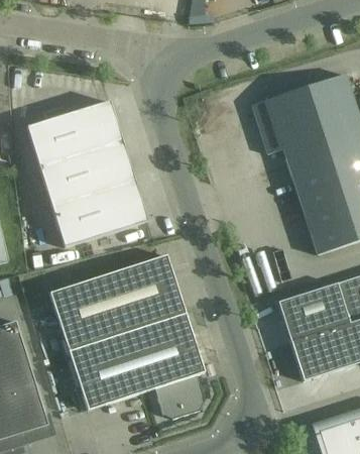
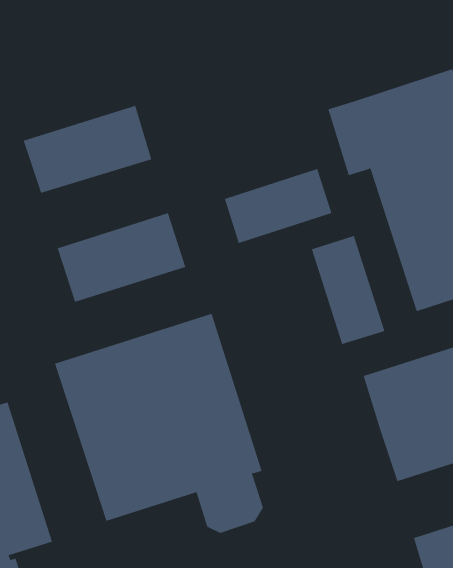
building: [39,140,134,206] -> none
building: none -> [224,168,332,244]
building: none -> [311,235,385,345]

